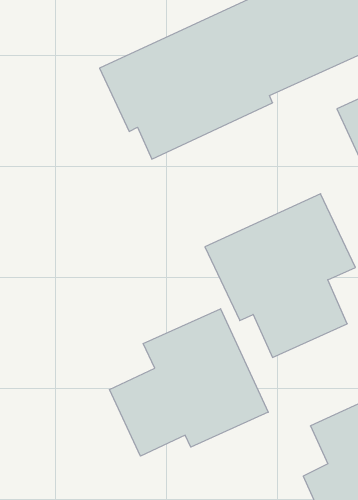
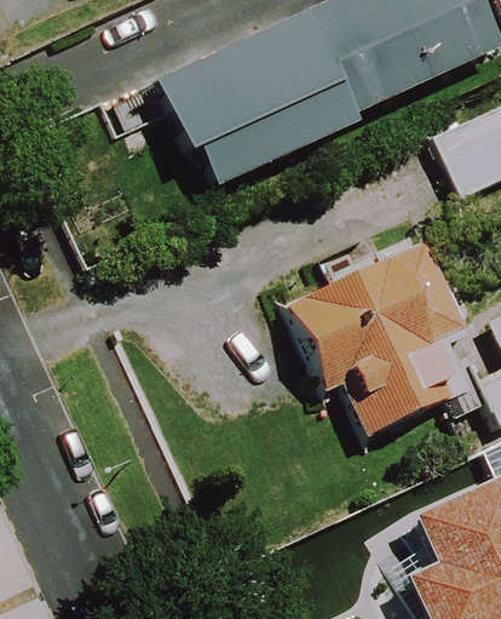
building: [109,309,268,456] -> none

